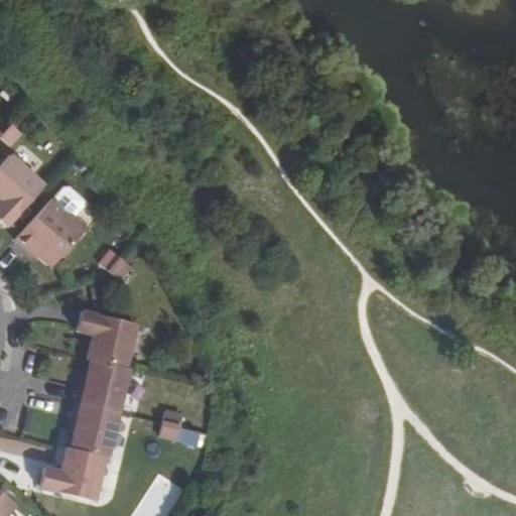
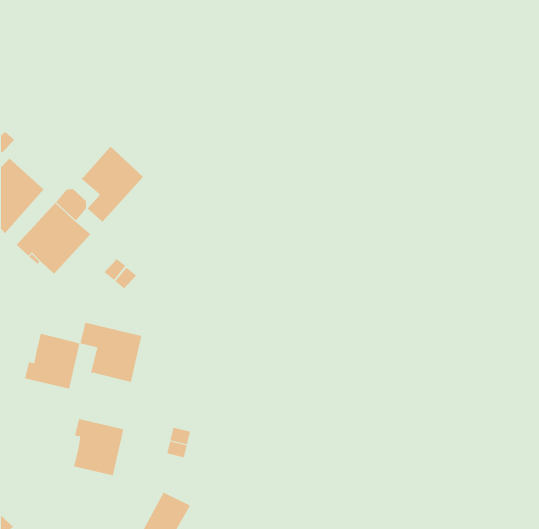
building: none -> [80,146,144,222]
building: [77,359,130,412] -> [24,333,80,389]
building: [40,446,106,500] -> none

